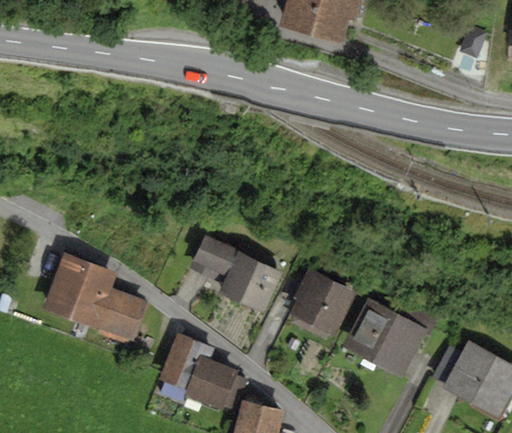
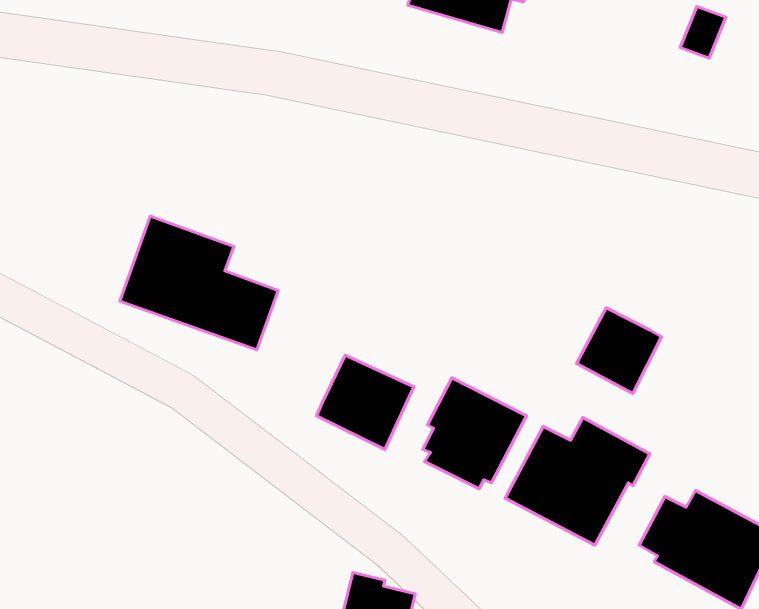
building: none -> [577,308,661,393]
building: [190,236,238,283] -> none
building: [43,252,147,340] -> [120,216,278,350]
building: [158,332,248,410] -> none

